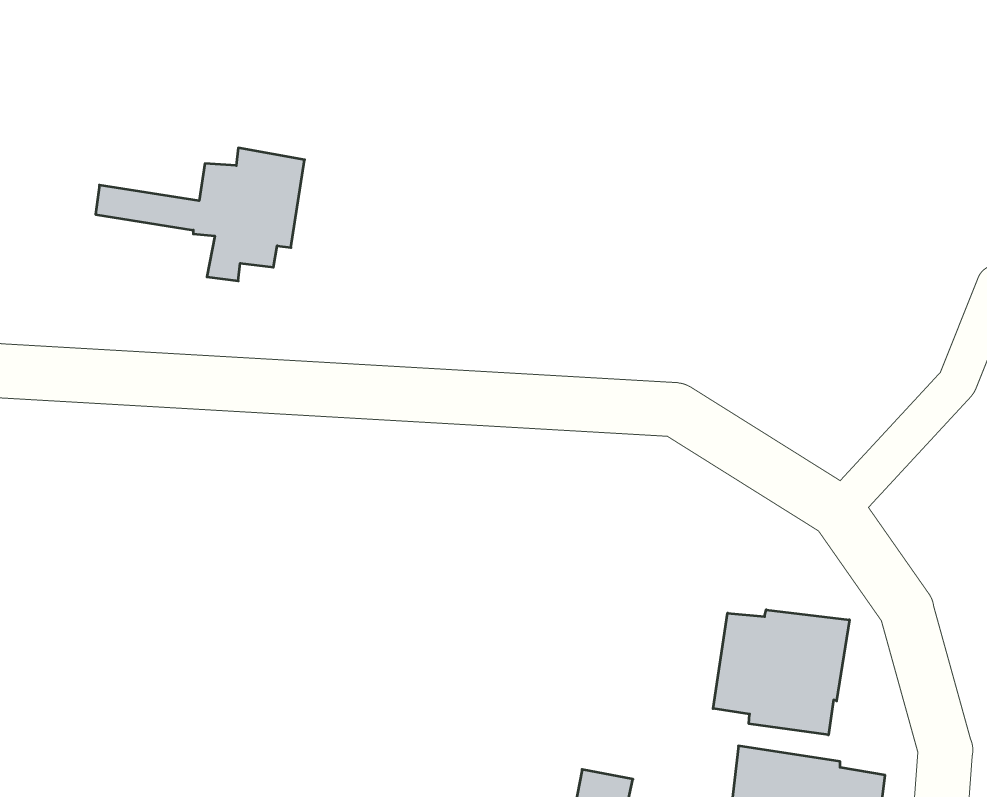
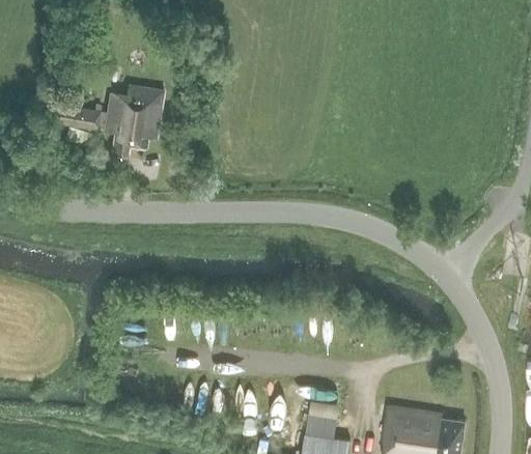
building: [713,610,849,735] -> none

